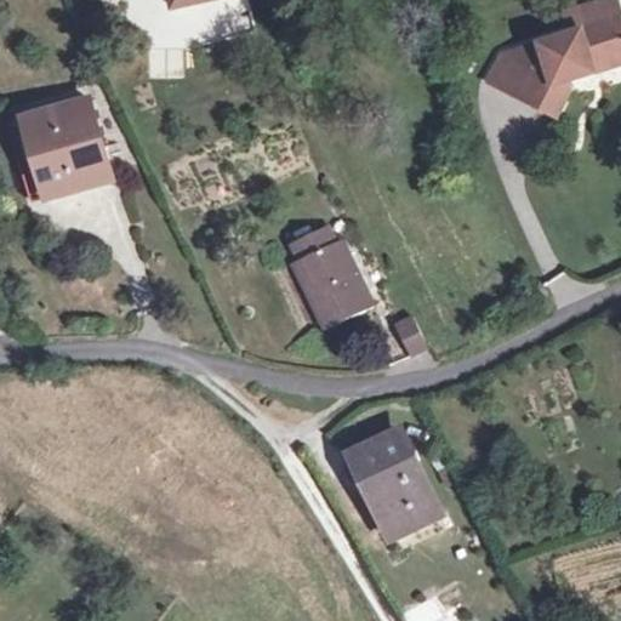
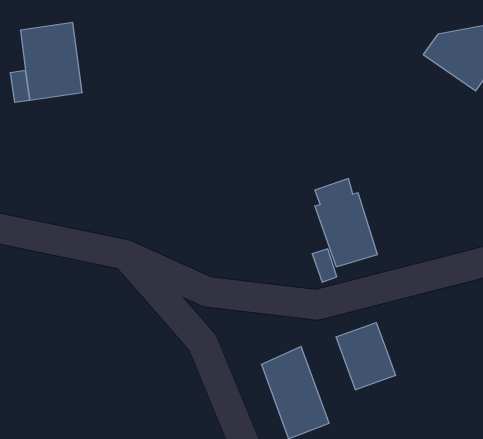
building: [290,224,371,326] -> [315,179,377,267]
building: none -> [336,323,396,390]

